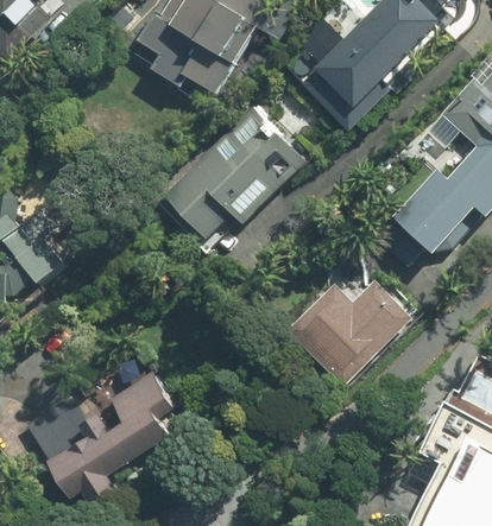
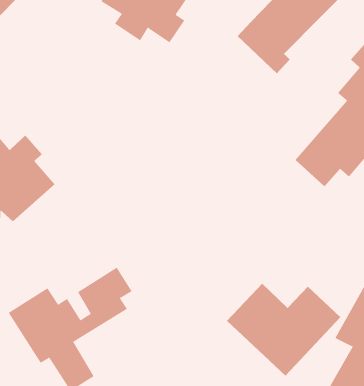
building: [154,101,311,262] -> none
building: [272,273,412,387] -> [226,283,341,376]

